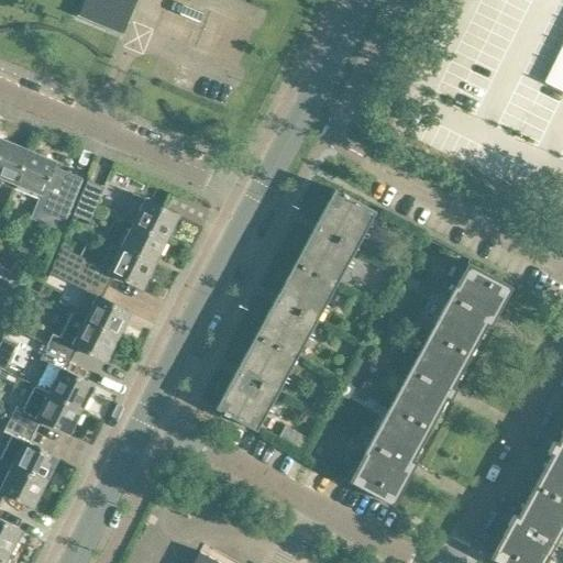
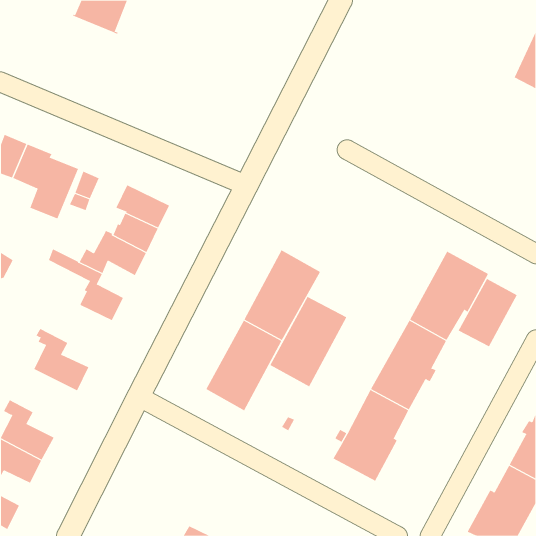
building: [295,189,376,285] -> [270,296,347,387]
building: none -> [458,278,518,347]
building: [42,313,118,362] -> none
building: [10,387,81,434] -> none

